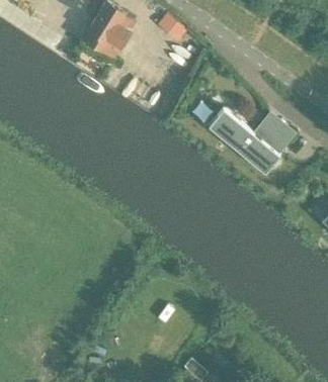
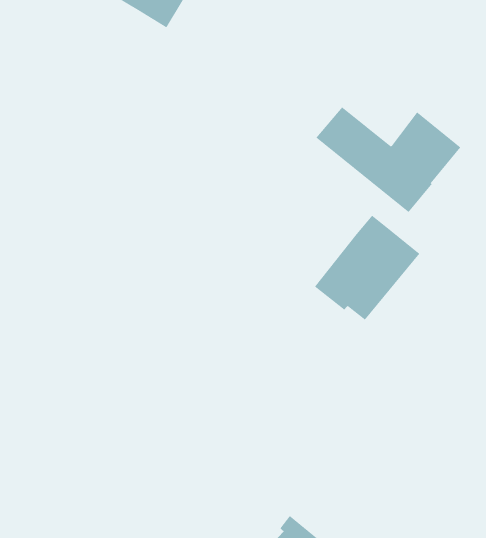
building: none -> [314,215,420,321]

